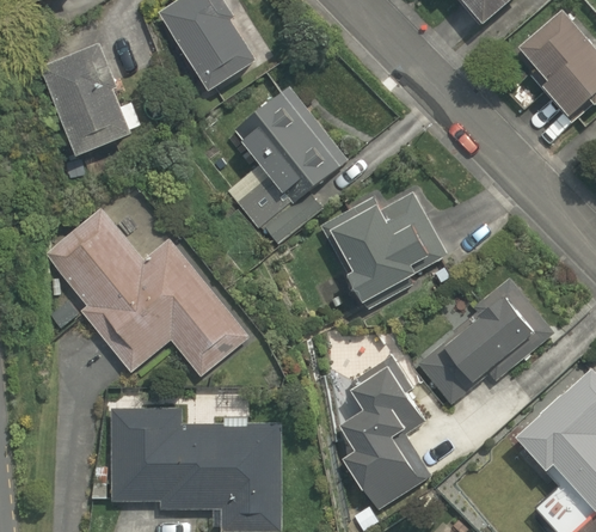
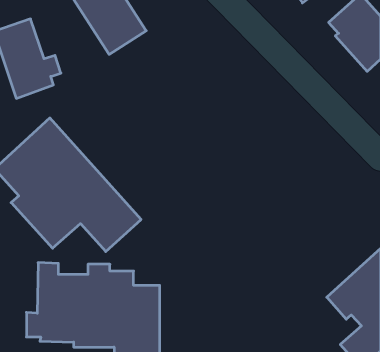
building: [227,86,344,247] -> none
building: [331,190,448,306] -> none
building: [414,295,533,403] -> none
building: [338,365,425,505] -> none

